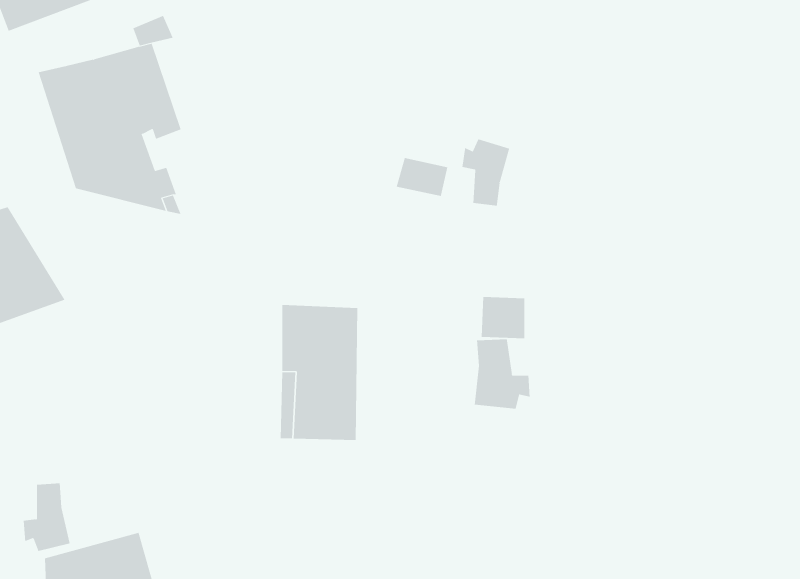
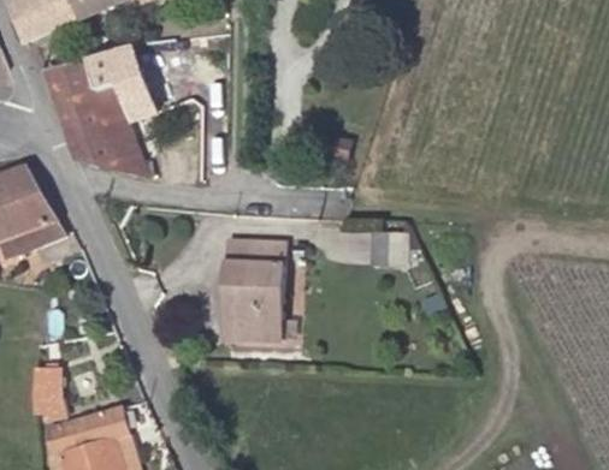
building: [462,138,510,206] -> none
building: [474,338,530,410] -> none

